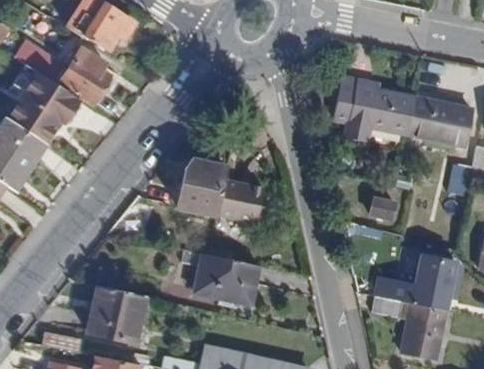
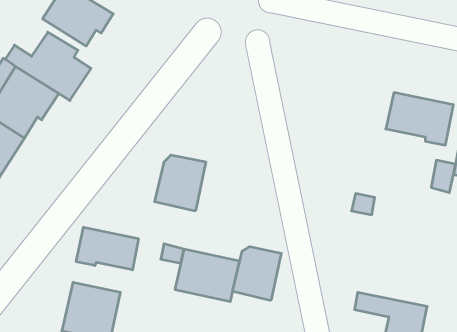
building: [332,78,412,143] -> none
building: [216,176,264,223] -> none
building: none -> [76,227,138,270]
building: none -> [233,247,281,300]
building: [376,256,455,310] -> none

